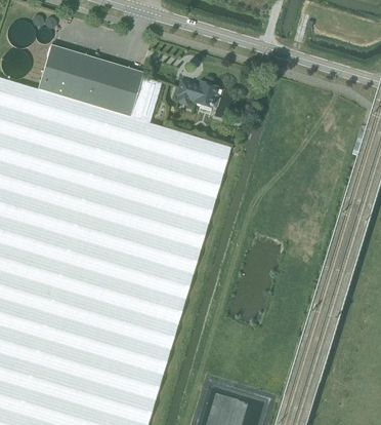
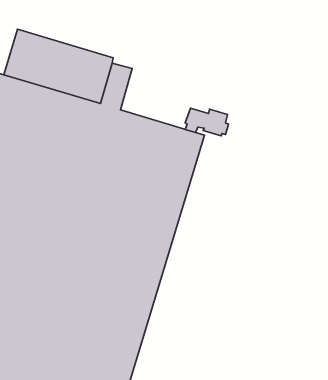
building: [176,80,218,107] -> [185,108,229,136]

